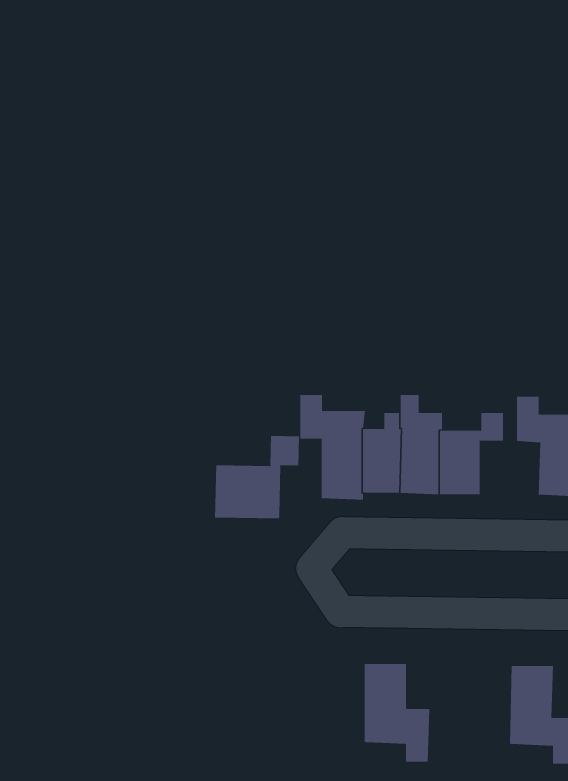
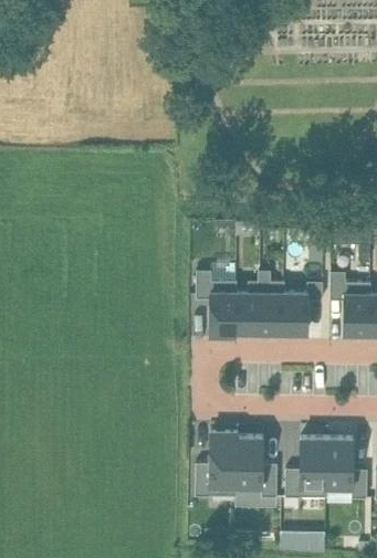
building: [215,435,299,519] -> none
building: none -> [196,433,239,497]
building: none -> [286,439,327,498]

